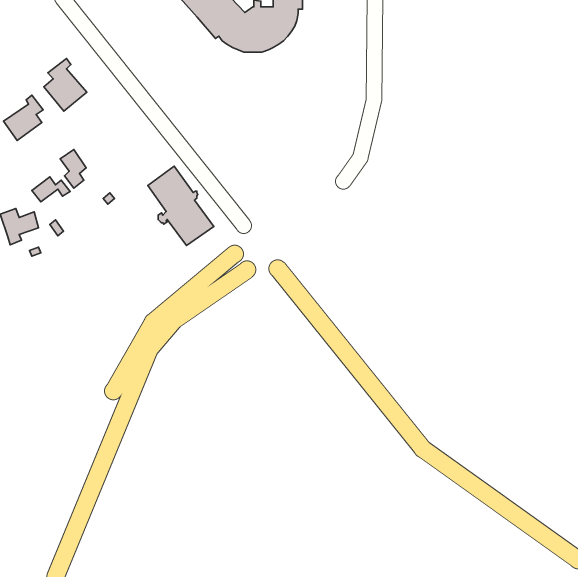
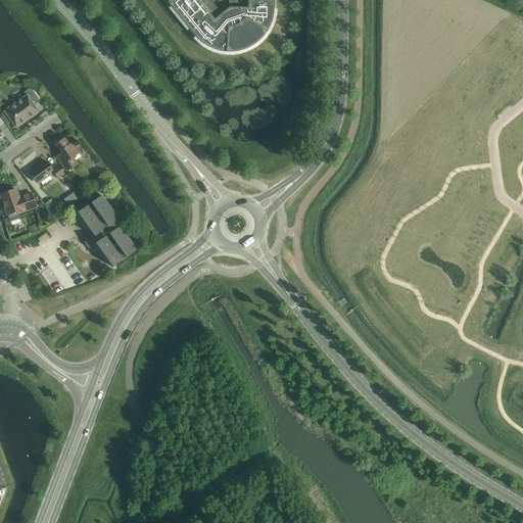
building: [44,58,87,111] -> none
building: [148,166,214,246] -> [77,194,136,266]

